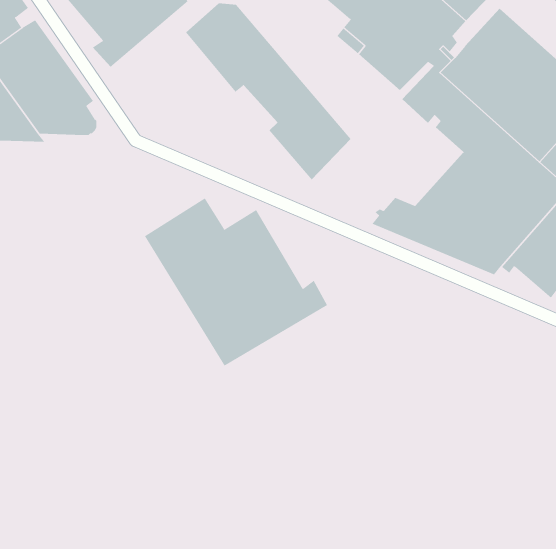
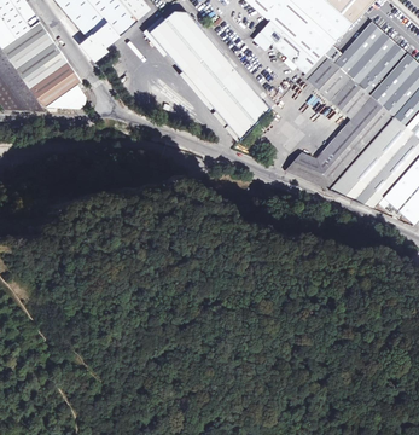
building: [144,197,328,366] -> none

